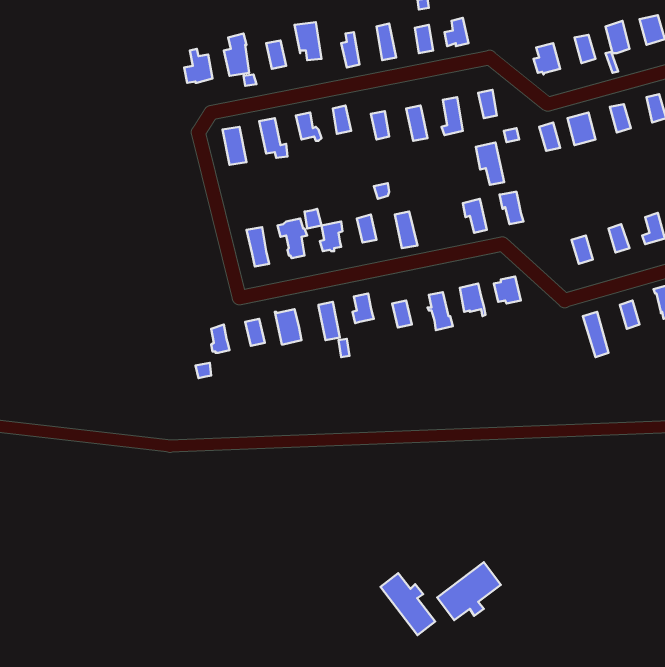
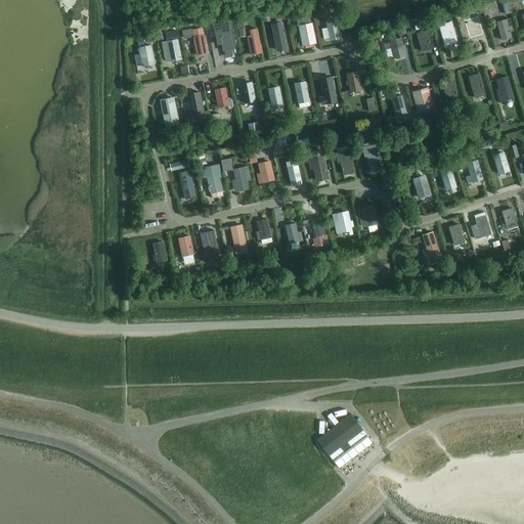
building: [476,143,504,185] -> [308,150,329,181]
building: [381,573,435,635] -> none

